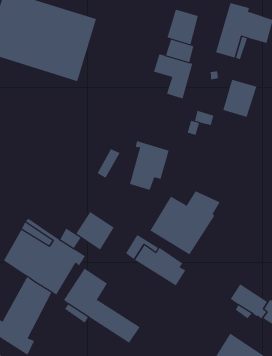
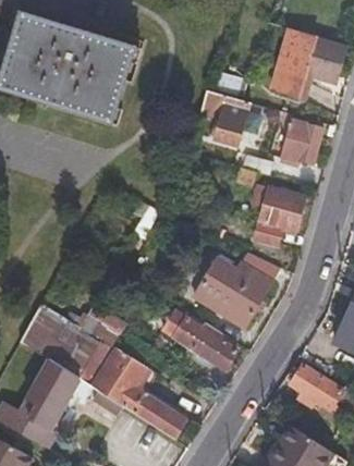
building: [167,9,199,45] -> none
building: [129,140,169,191] -> [254,186,302,246]
building: [75,211,114,250] -> none

